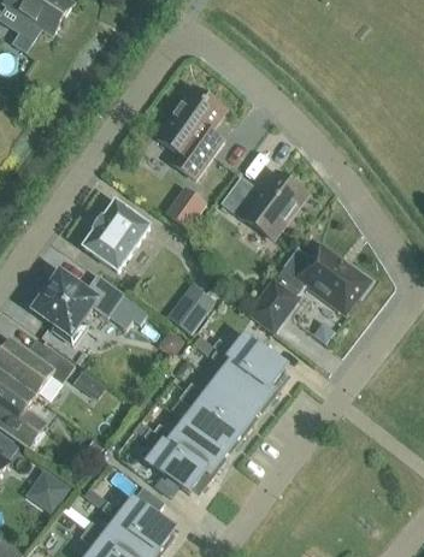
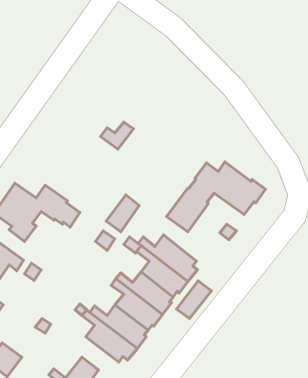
building: [154,85,223,178] -> none
building: [219,171,305,238] -> none
building: [82,201,148,269] -> none
building: none -> [176,281,211,318]

